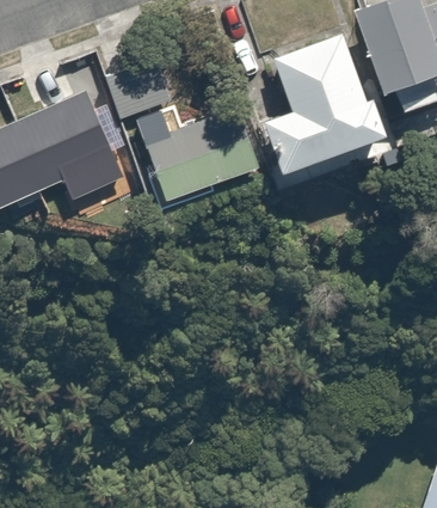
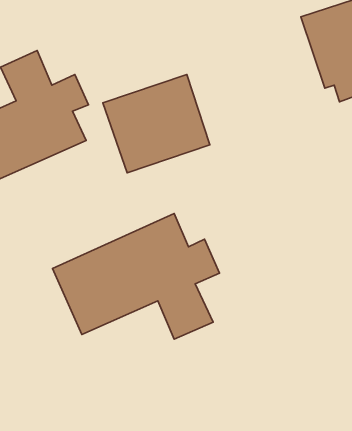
building: [263,35,393,185] -> none
building: none -> [52,214,220,339]

